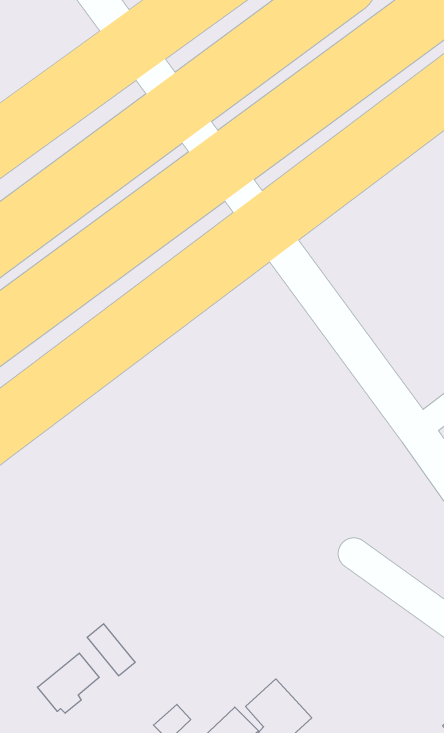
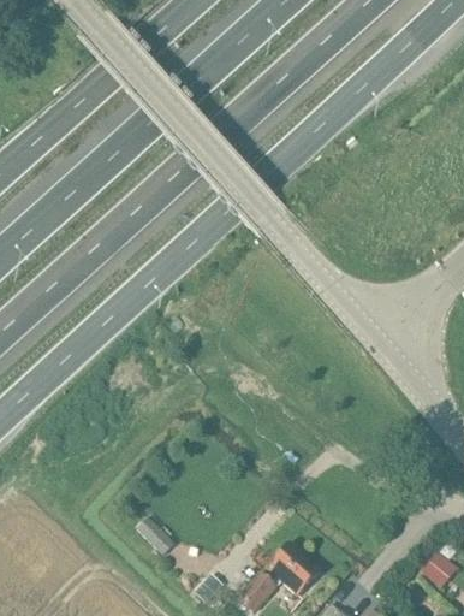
building: [37,653,99,713] -> none

